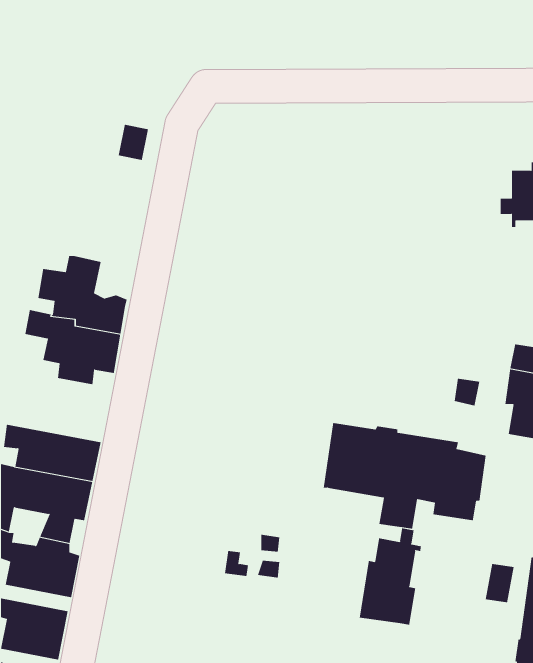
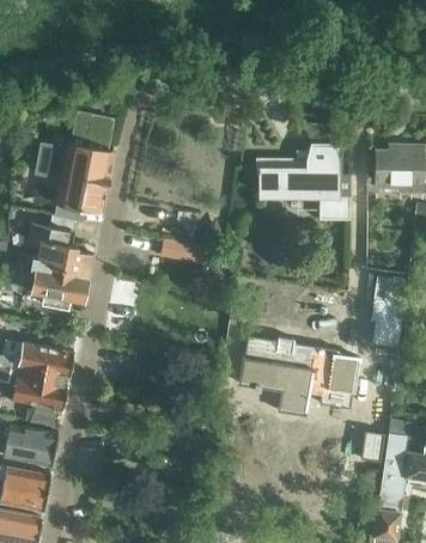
building: none -> [37,142,114,220]
building: none -> [256,145,351,220]
building: none -> [160,238,208,266]
building: [359,528,422,626] -> none

